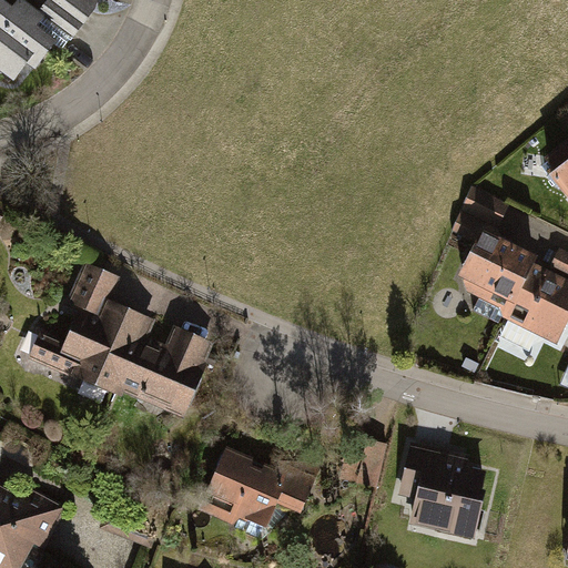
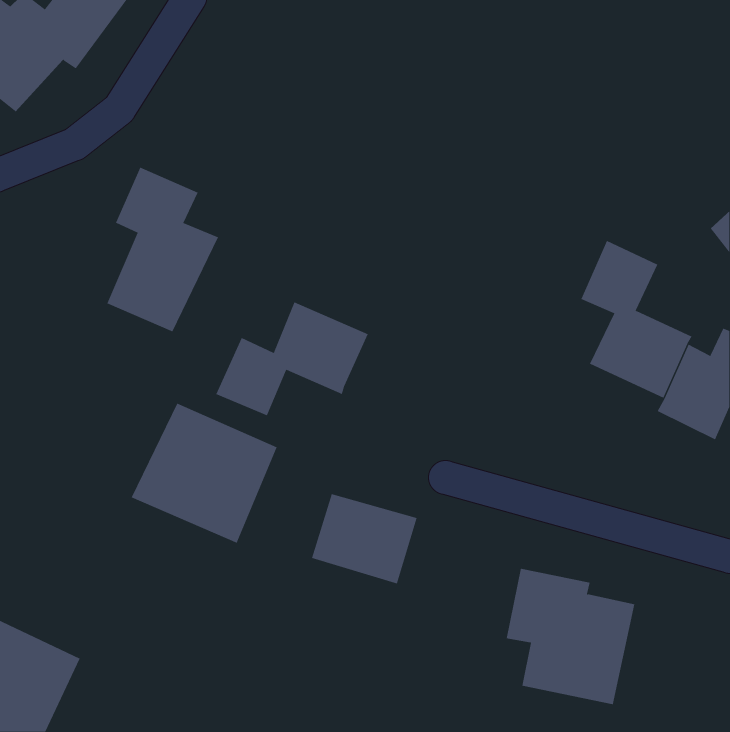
building: none -> [216,302,368,416]
building: [50,256,136,384] -> [107,167,219,332]
building: [214,455,296,525] -> [311,493,417,584]

